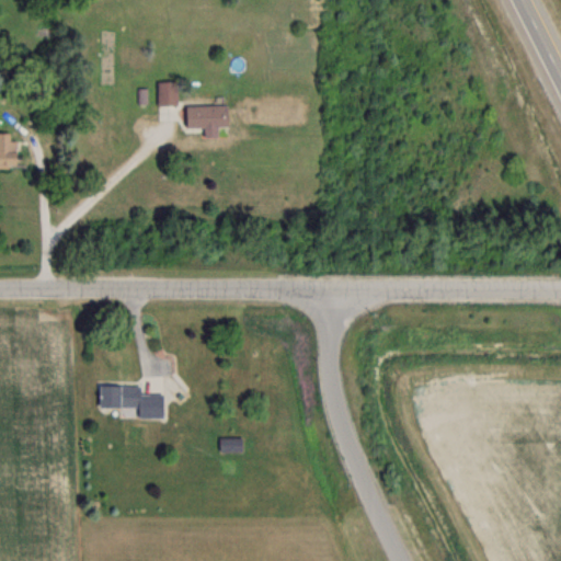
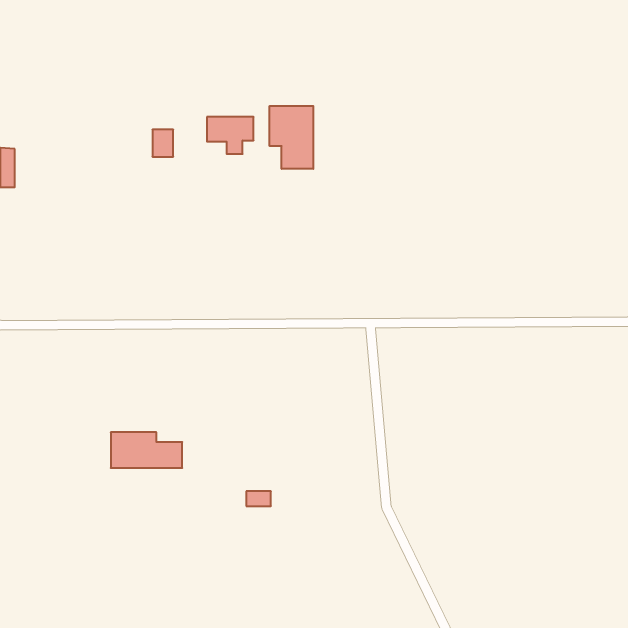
building: [158,81,176,105] -> [152,130,173,157]
building: none -> [270,106,313,169]

